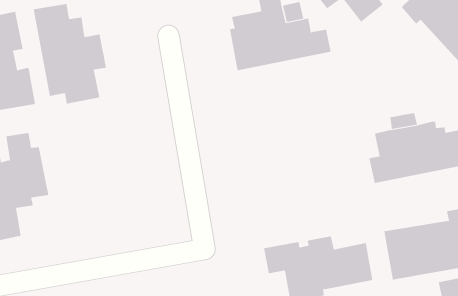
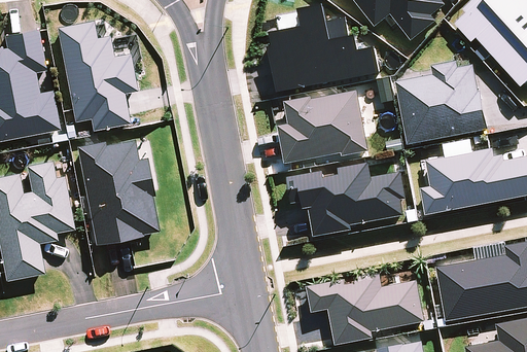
building: none -> [395,62,488,145]
building: none -> [278,90,370,164]
building: none -> [75,139,157,245]
building: none -> [287,163,407,237]

